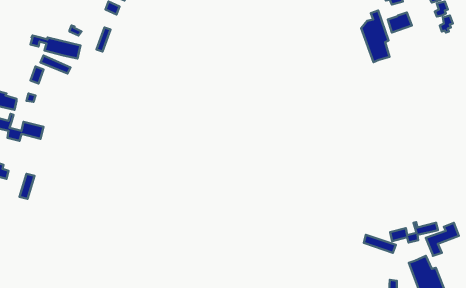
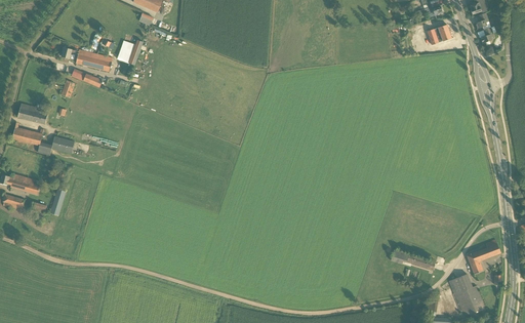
building: [361,10,389,62] -> none
building: [390,222,438,243] -> none

